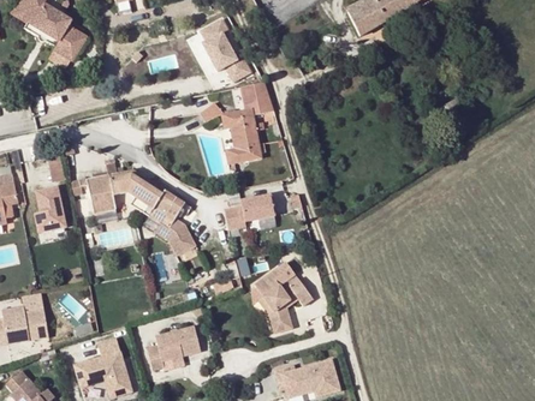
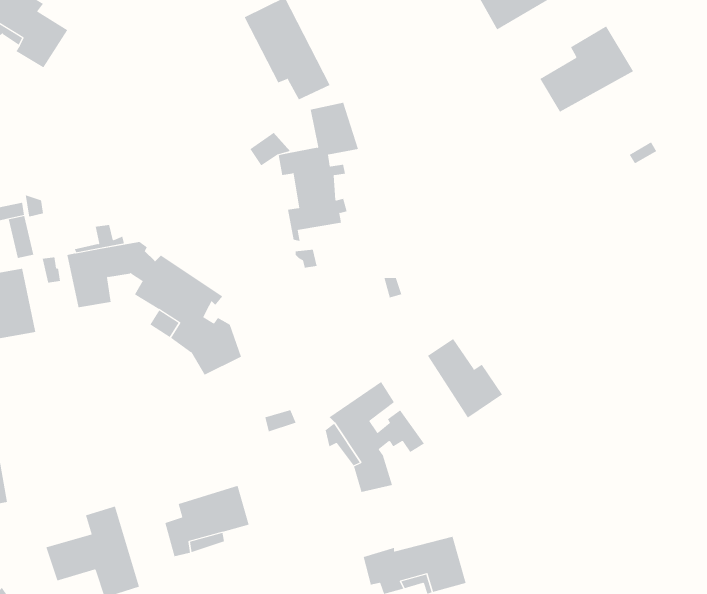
building: none -> [540,26,634,113]
building: [221,193,272,228] -> none
building: none -> [427,338,503,419]

